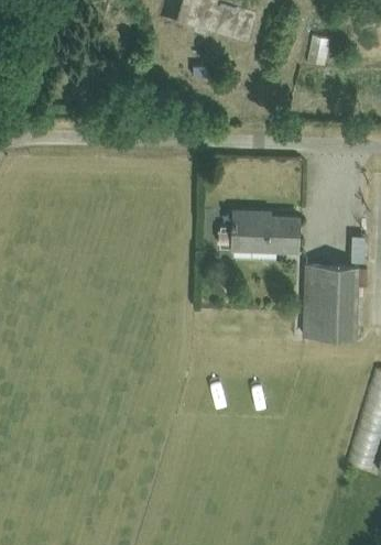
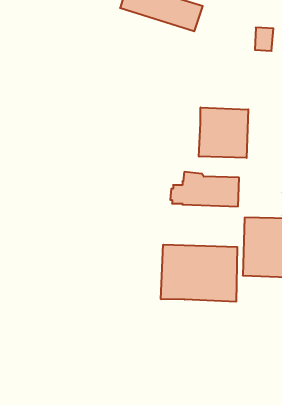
building: none -> [199,107,248,158]
building: none -> [161,245,237,302]

